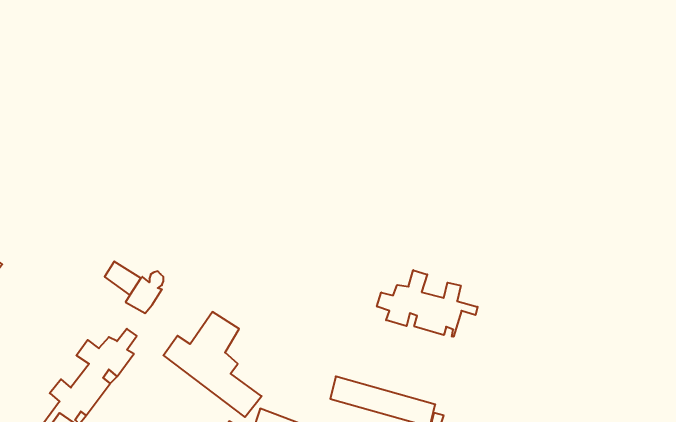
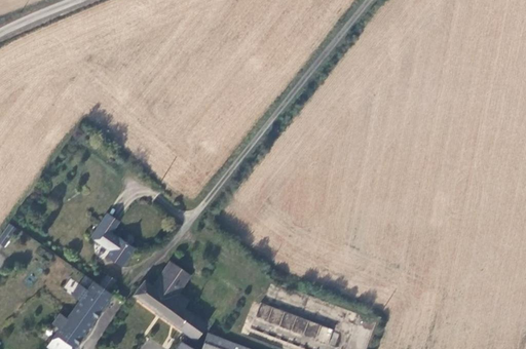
building: [377,270,478,337] -> none

